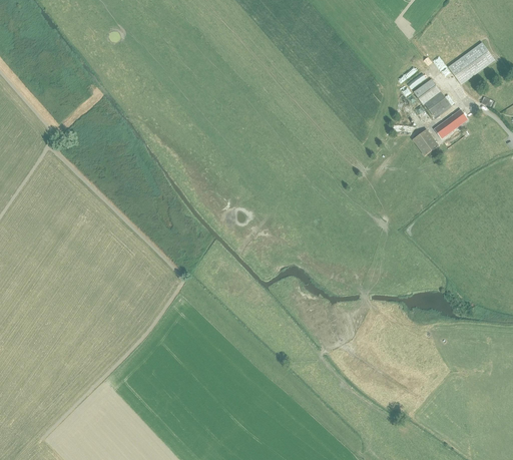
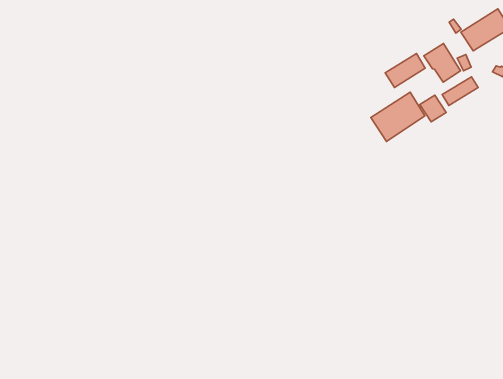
building: none -> [385,53,425,88]
building: none -> [371,92,425,142]

